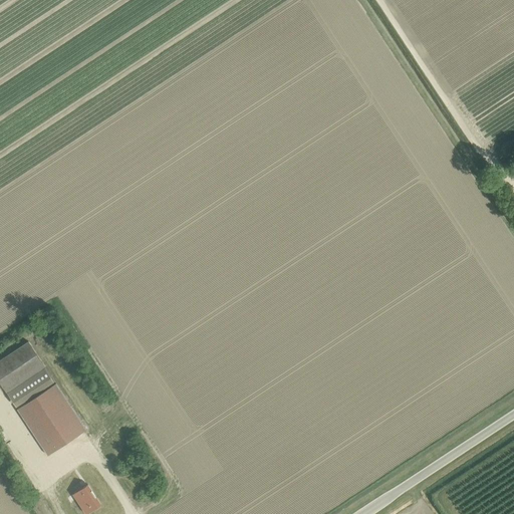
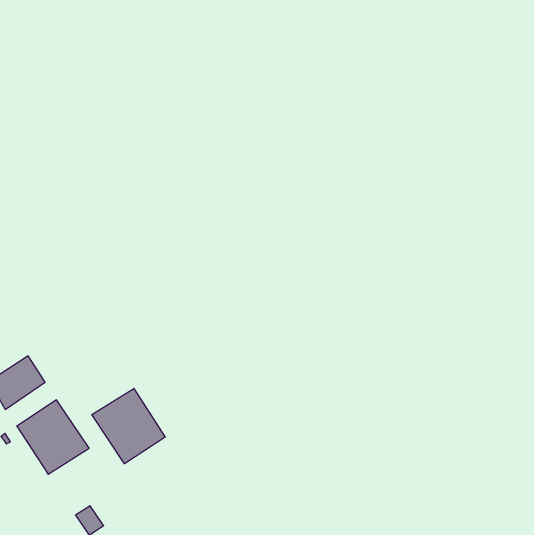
building: [5,366,53,407] -> none
building: none -> [92,388,165,464]

